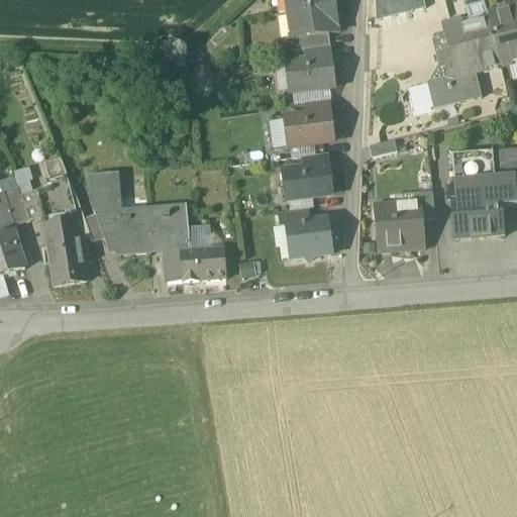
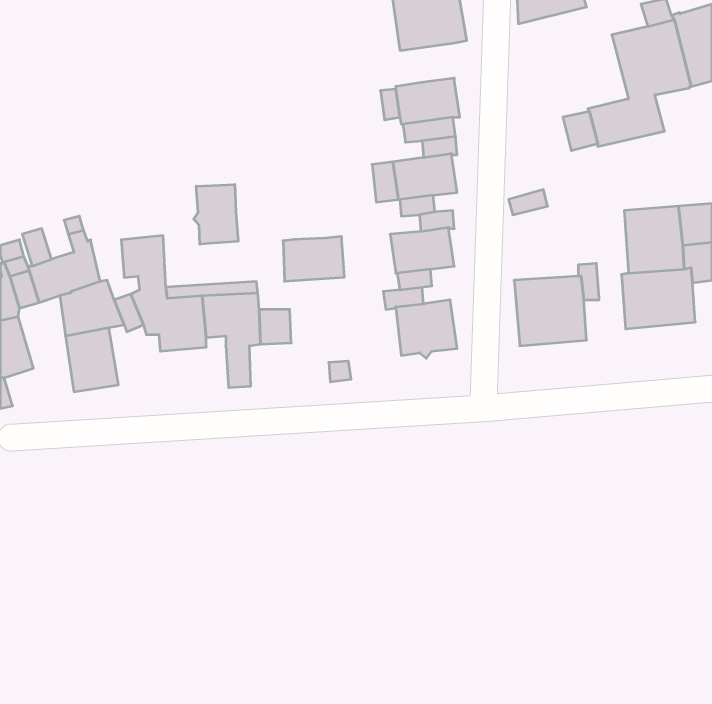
building: [292,31,331,60] -> none
building: none -> [194,184,238,244]
building: [181,247,225,280] -> [283,237,344,281]

